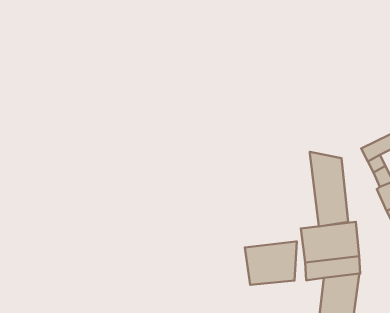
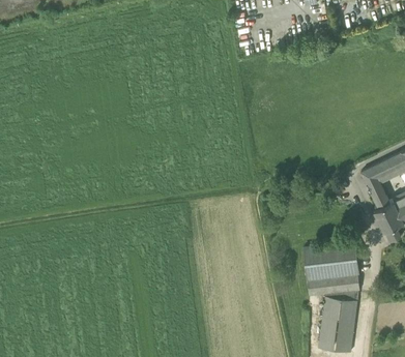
building: [310,152,348,226] -> none
building: [245,241,297,285] -> none

